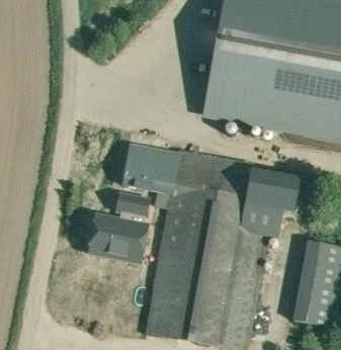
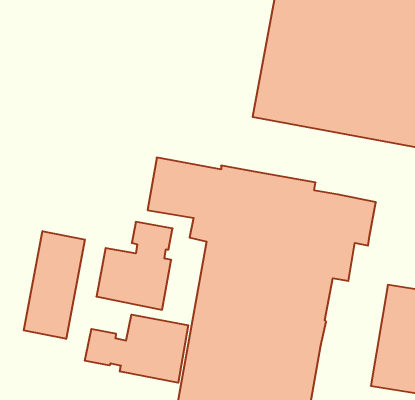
building: none -> [24,231,85,339]
building: none -> [85,315,188,383]

